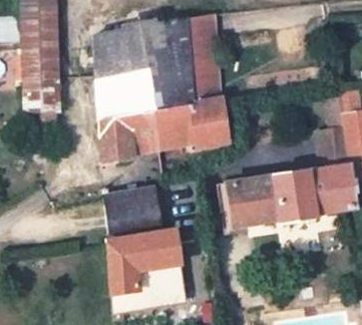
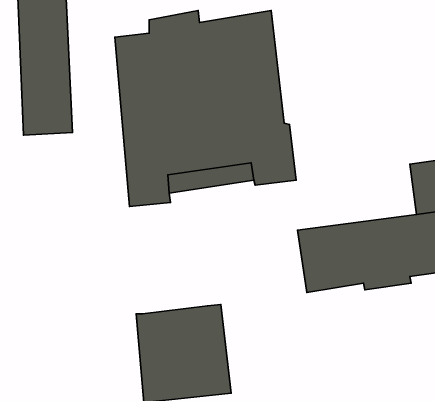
building: [105,189,162,244] -> none

